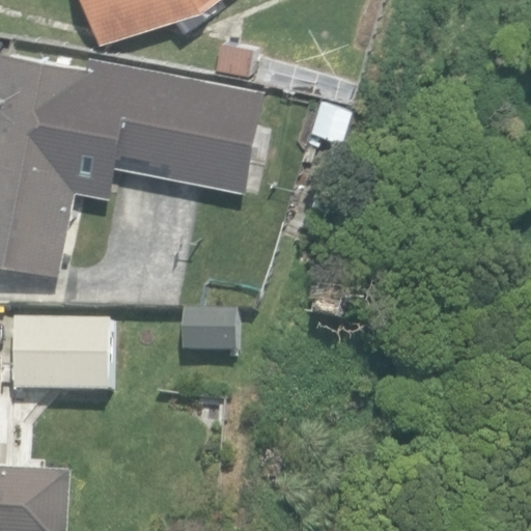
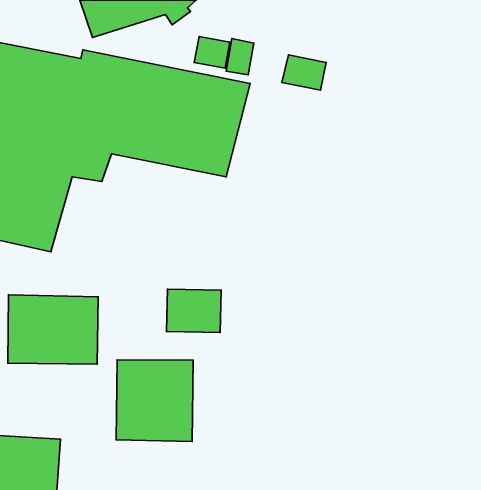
building: none -> [116,360,193,441]

